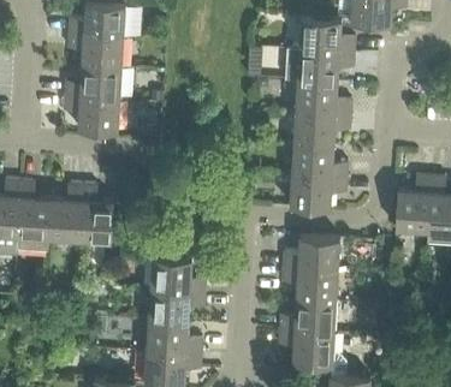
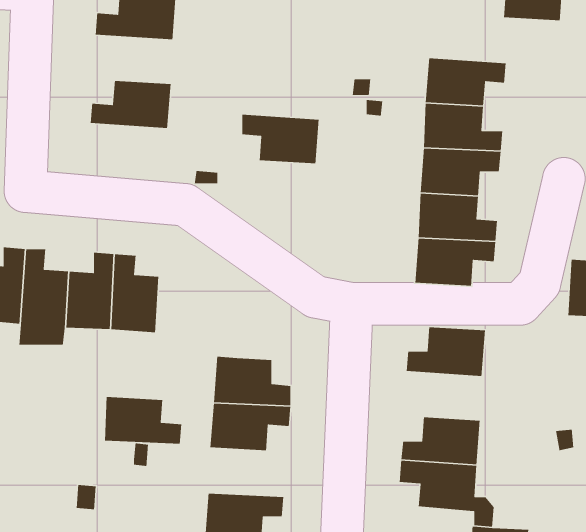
building: [299,19,355,55] -> none
building: [69,36,123,70] -> none
building: [65,97,119,132] -> [241,114,320,164]
building: [283,269,337,303] -> none
building: [147,322,201,356] -> [104,396,182,445]

